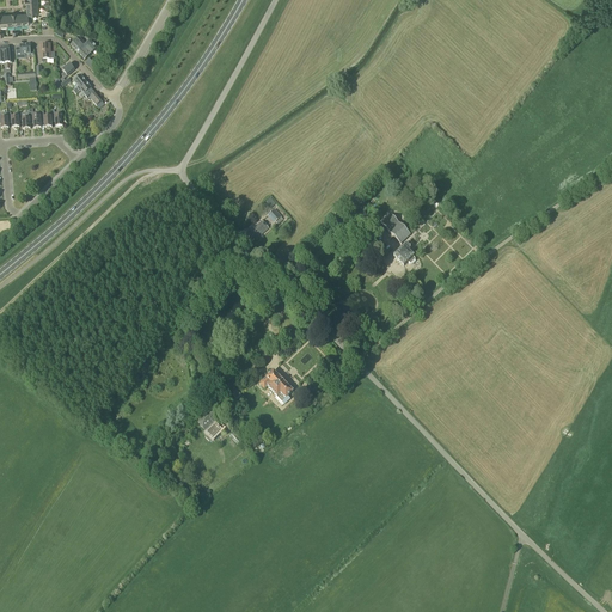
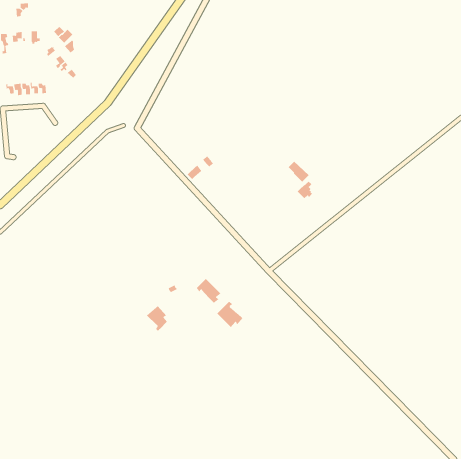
building: none -> [217,301,243,328]

